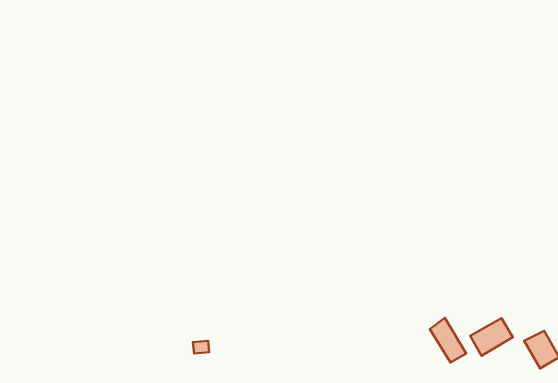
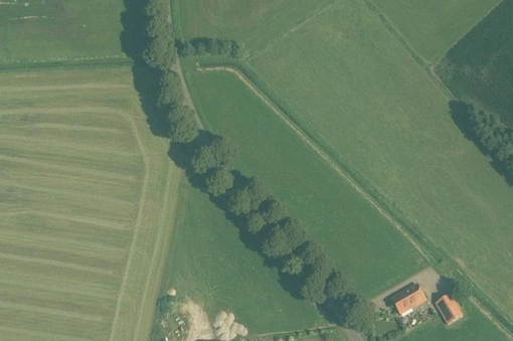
building: [430,318,466,363] -> none

